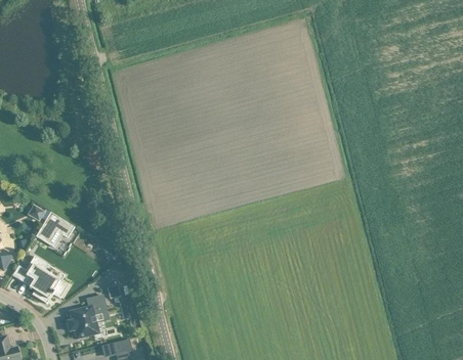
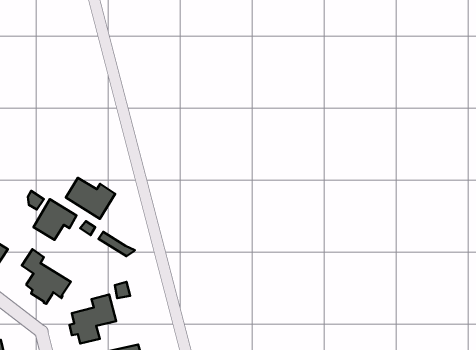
building: none -> [66,178,115,219]

